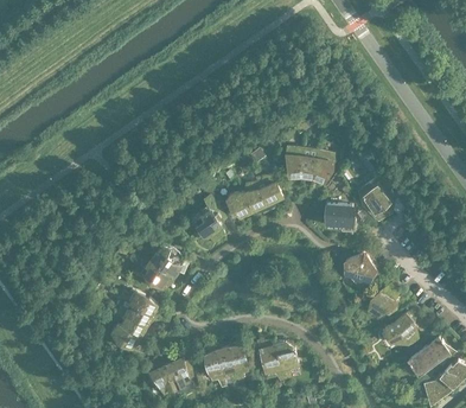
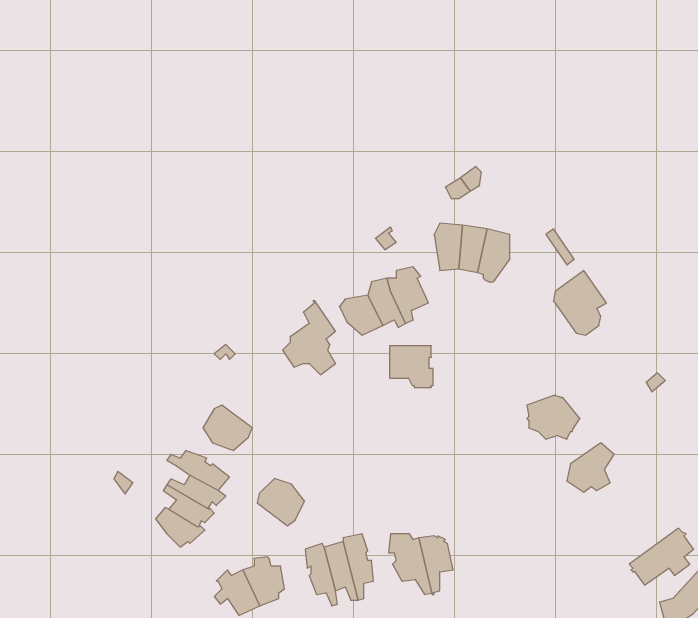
building: [325,204,352,230] -> [390,346,433,387]
building: [152,244,181,274] -> [257,478,305,526]
building: [383,310,417,344] -> none

